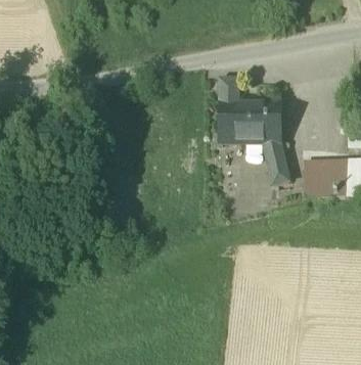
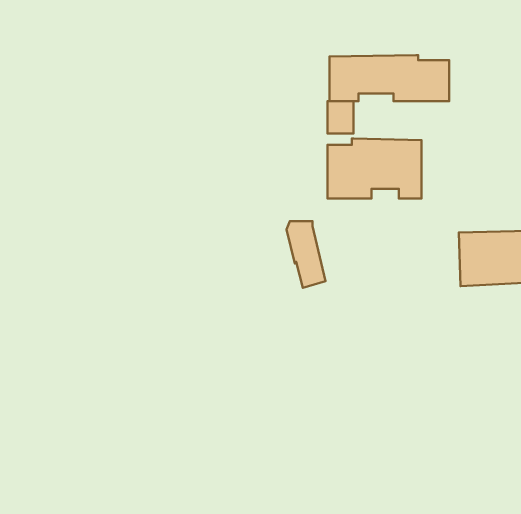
building: none -> [330,55,449,101]
building: [264,142,288,184] -> [287,221,326,288]

